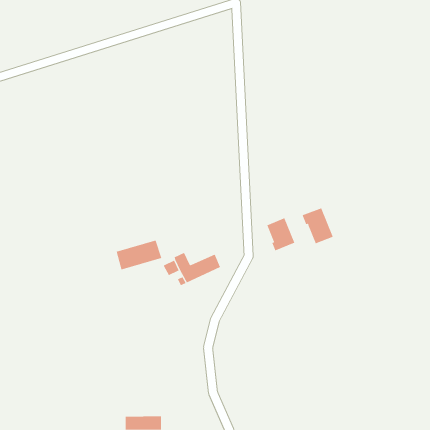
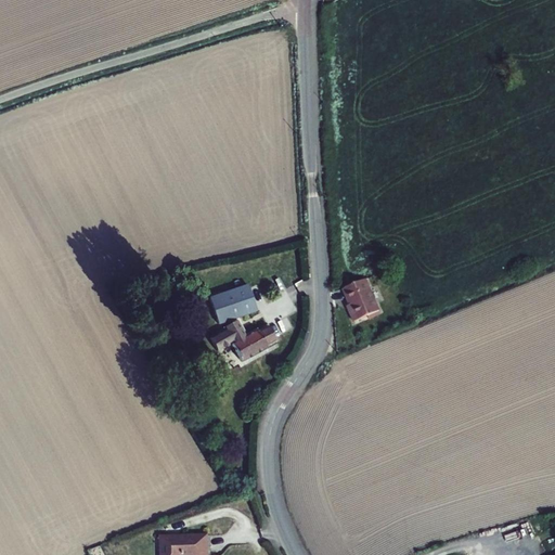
building: [302,208,333,244] -> none
building: [116,240,162,270] -> [207,280,267,319]

